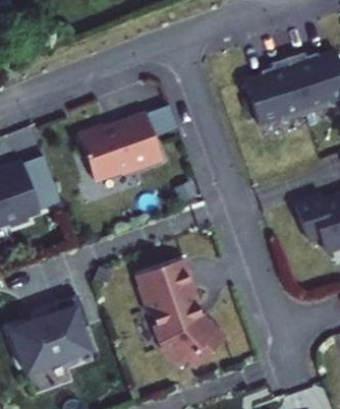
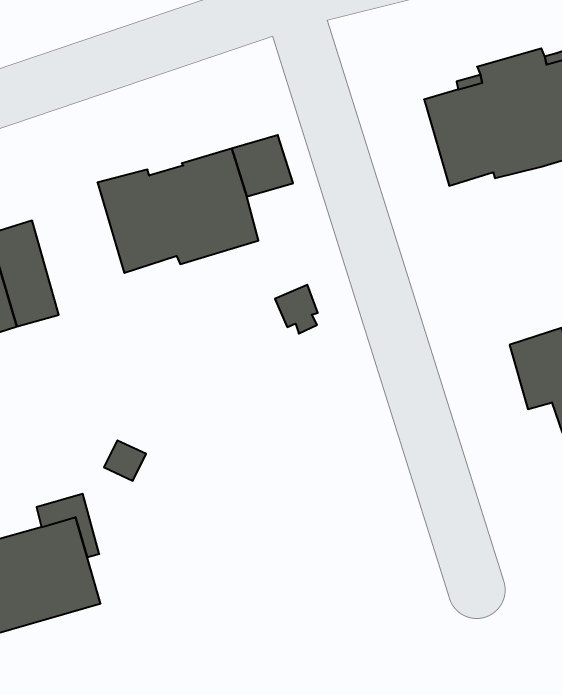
building: [138,258,226,368] -> none

